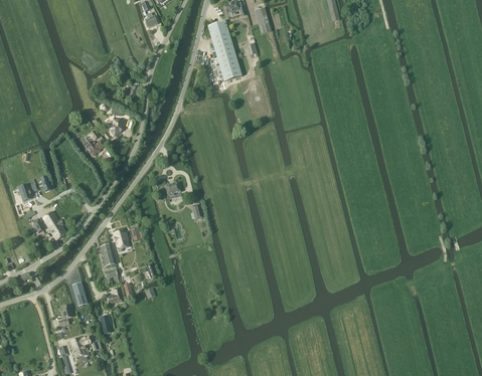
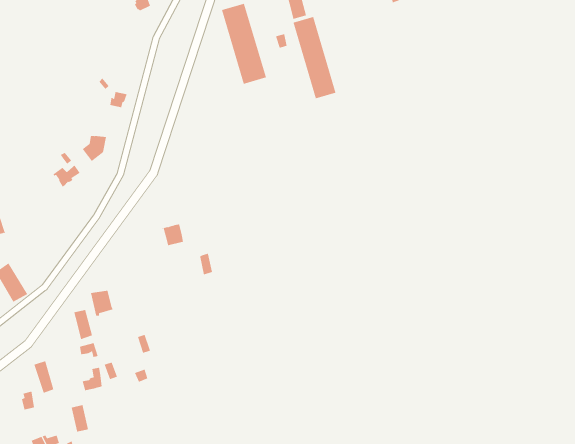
building: none -> [293,16,336,99]

